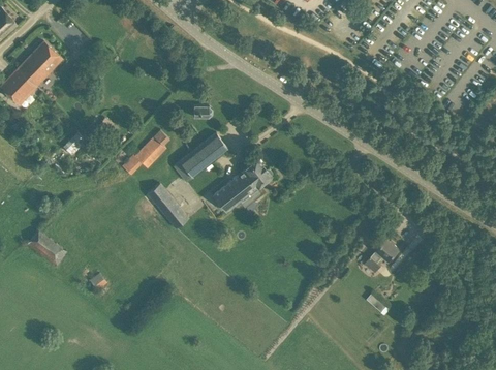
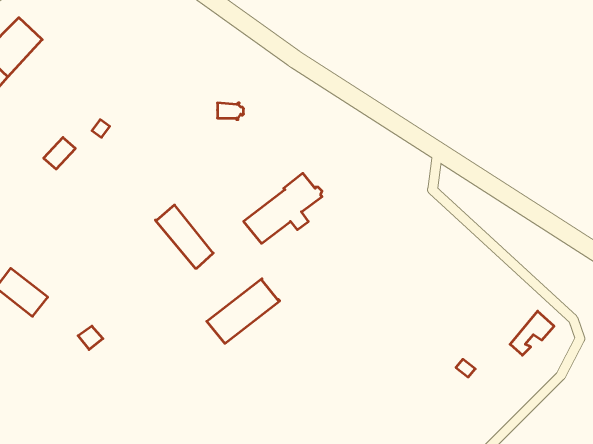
building: [174,132,228,181] -> [207,279,280,343]
building: [121,136,165,175] -> none
building: [365,238,398,271] -> [510,311,554,355]

